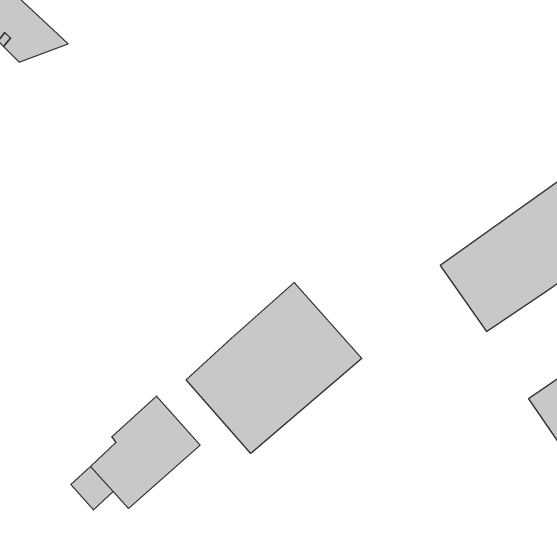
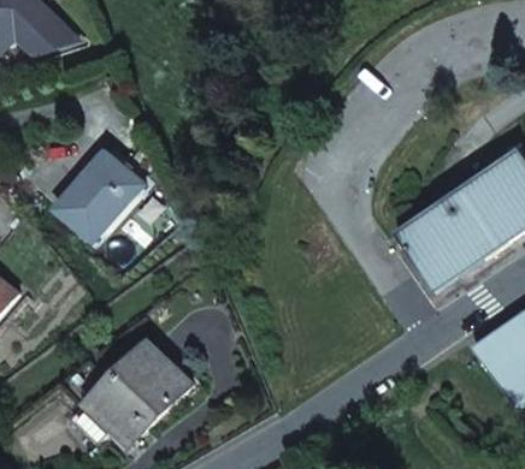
building: none -> [59,158,147,248]
building: [186,282,362,453] -> none

